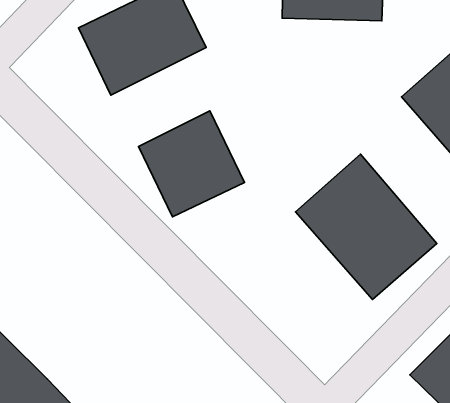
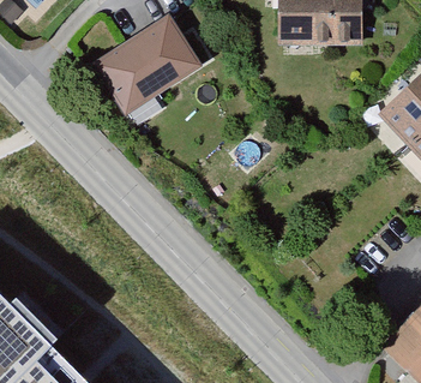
building: [138,111,245,217] -> none
building: [296,154,437,300] -> none

